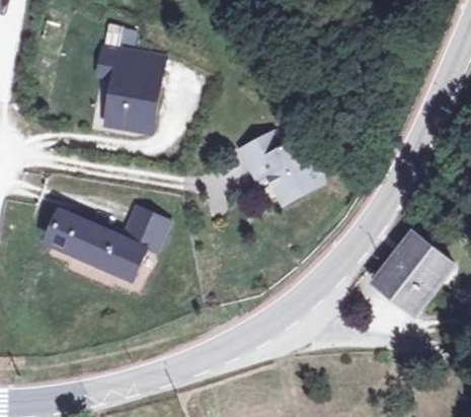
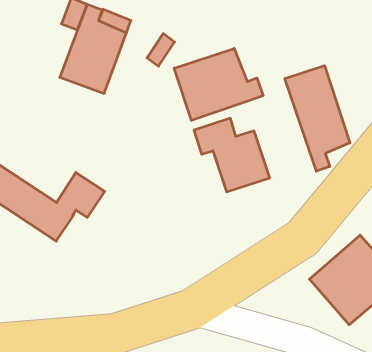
building: none -> [174,48,263,120]
building: none -> [285,66,350,171]

